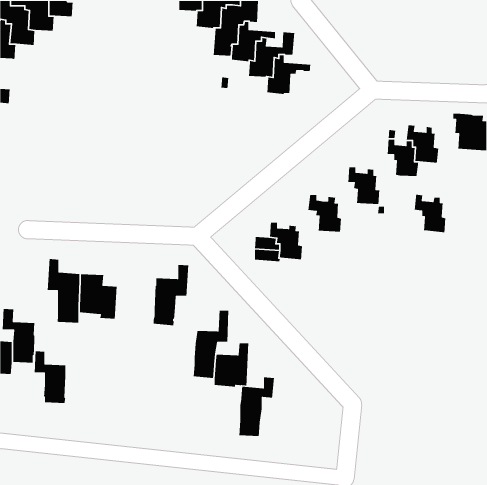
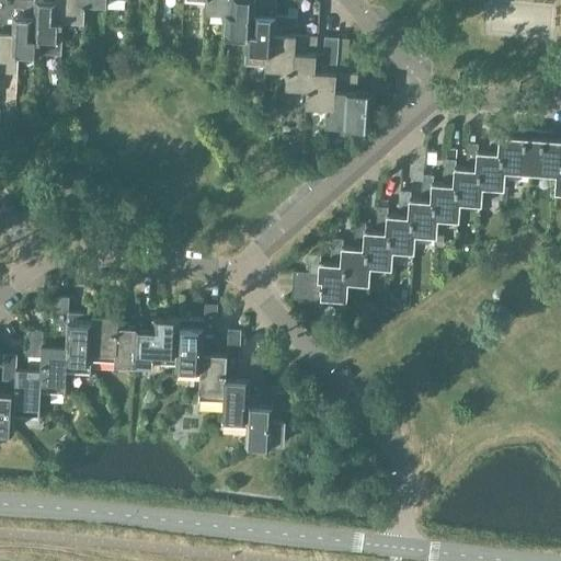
building: none -> [325,85,373,133]
building: none -> [489,131,526,175]
building: none -> [376,210,413,255]
building: [414,194,446,233] -> [421,179,458,224]
building: none -> [331,242,370,287]
building: none -> [133,321,179,371]
building: [34,350,66,404] -> [28,334,66,396]
building: [238,376,275,437] -> [198,345,240,414]

